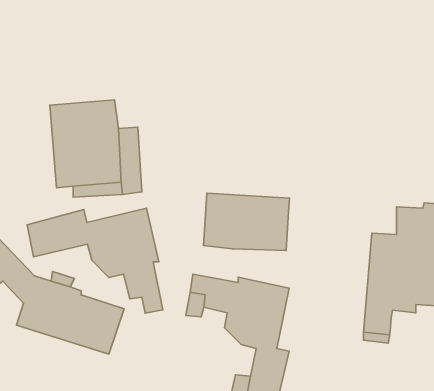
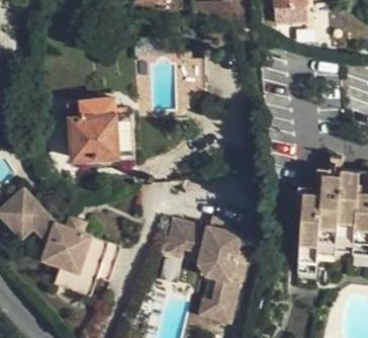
building: [203,193,289,251] -> none
building: [27,208,163,313] -> none

